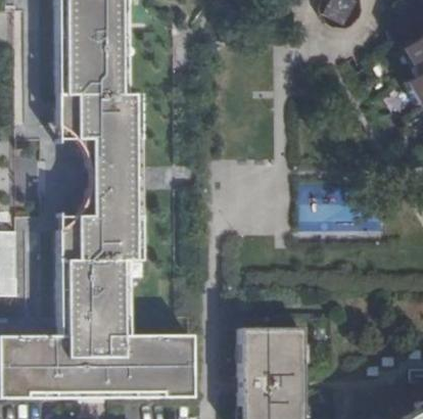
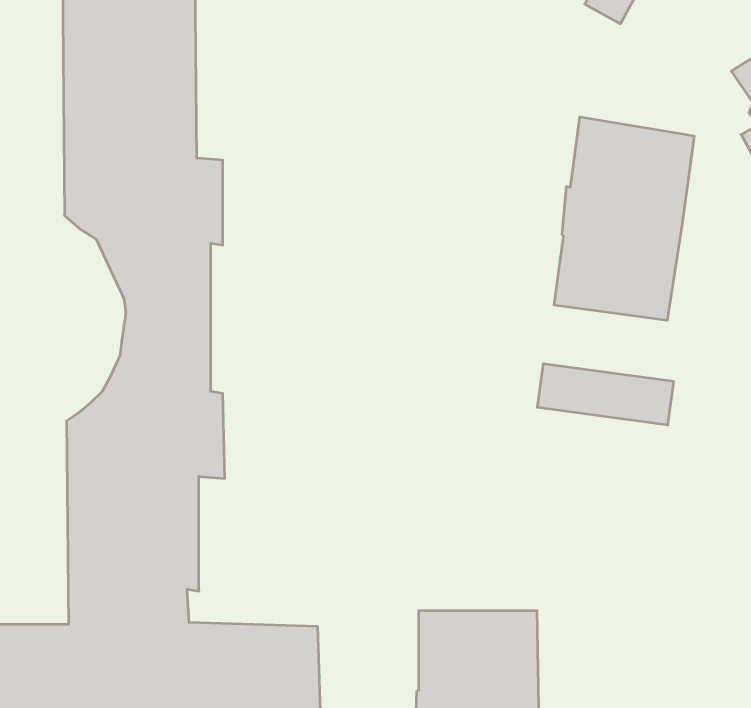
building: none -> [554,117,694,320]

